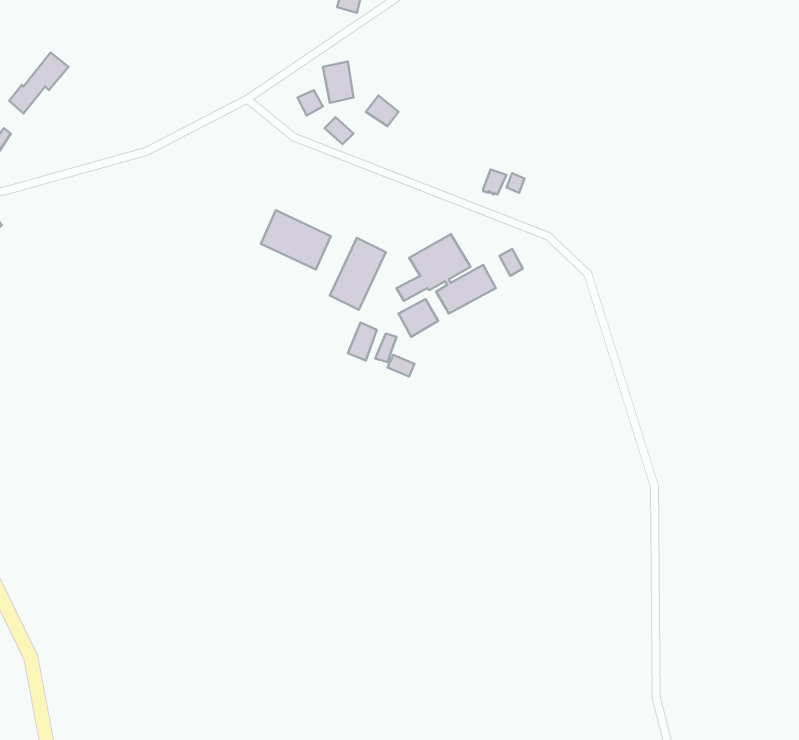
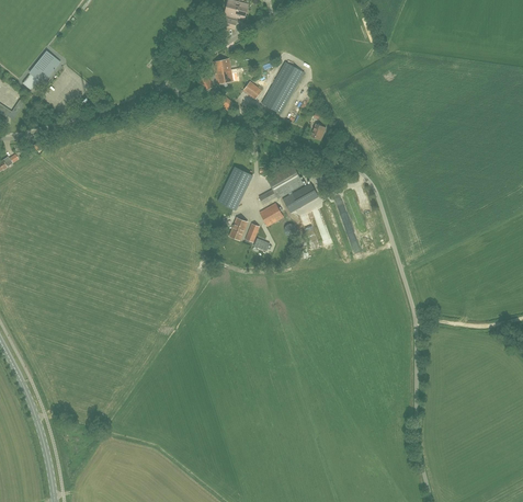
building: none -> [261,61,303,113]
building: [261,210,331,269] -> none

